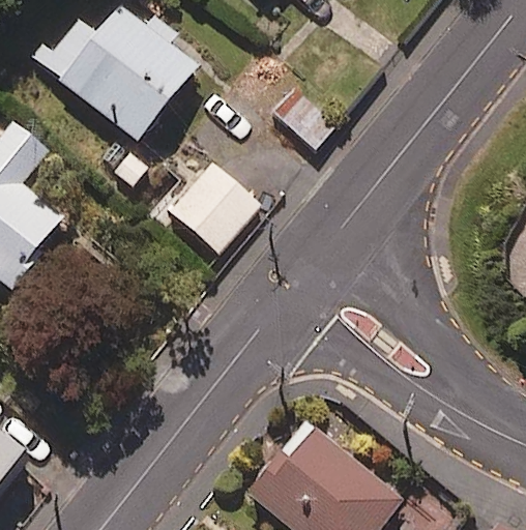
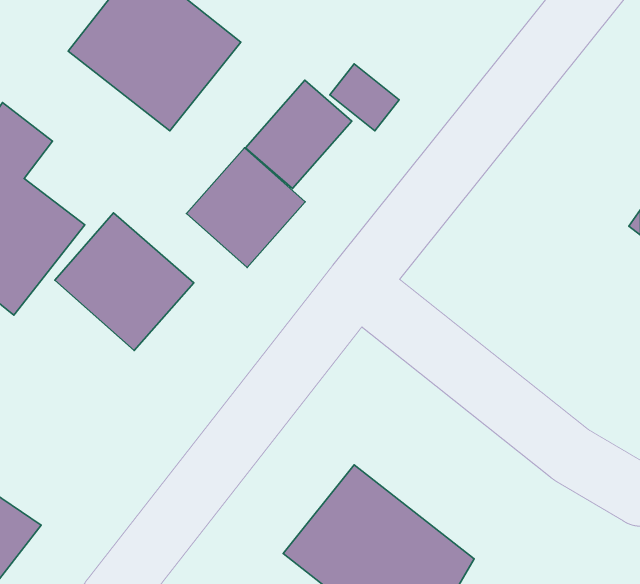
building: none -> [245,80,352,188]
building: none -> [55,213,194,350]

